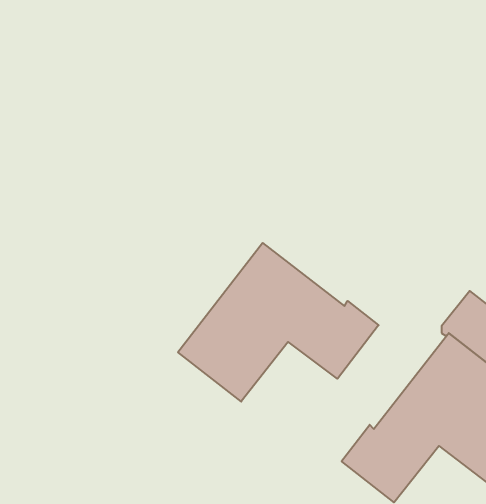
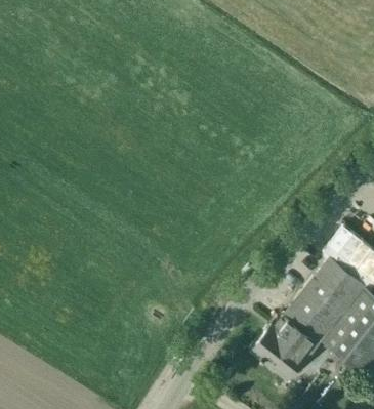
building: [178,243,379,402] -> none

